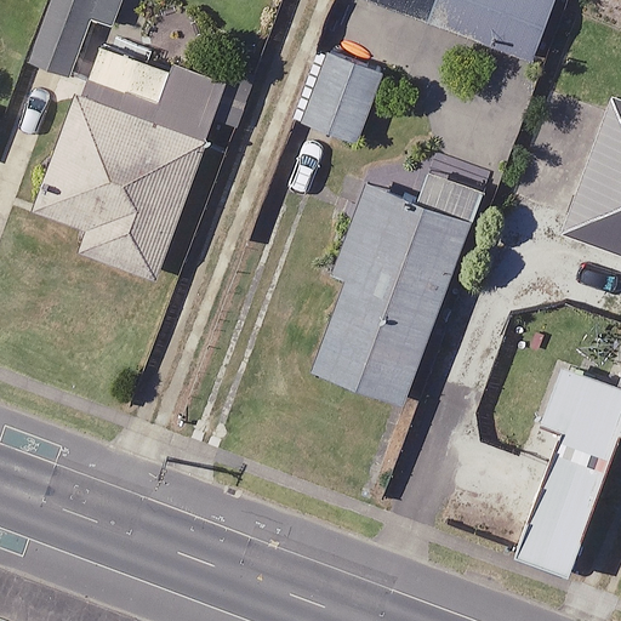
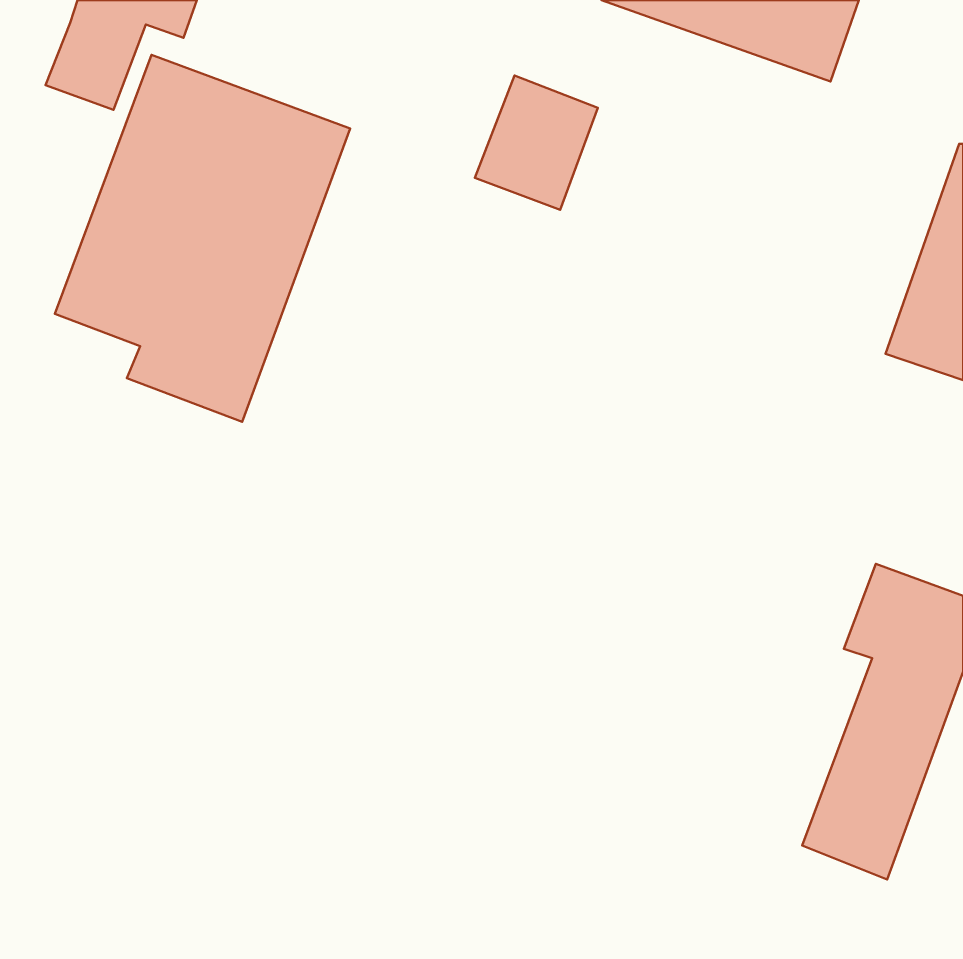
building: [317,170,479,399] -> none

